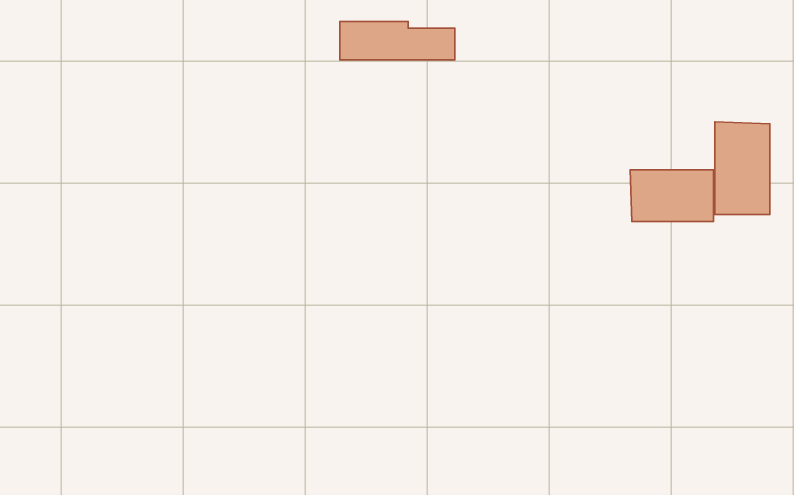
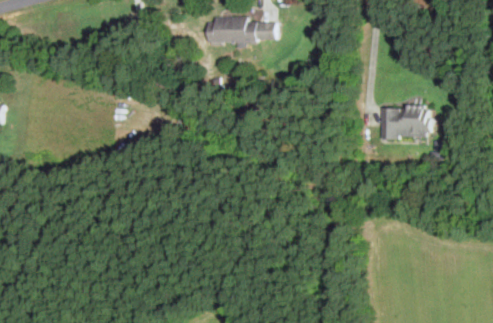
building: [715,122,770,215] -> none

